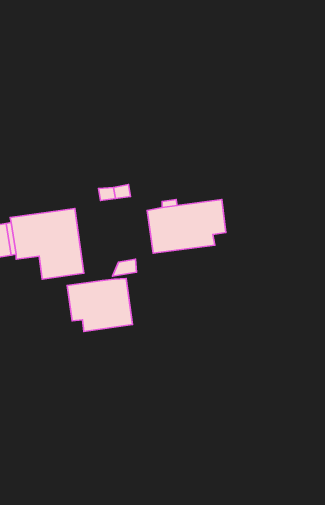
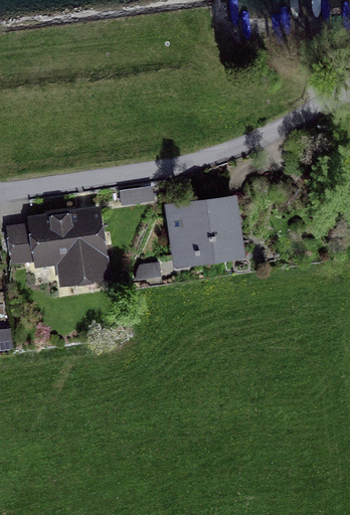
building: [67,278,132,332] -> none

